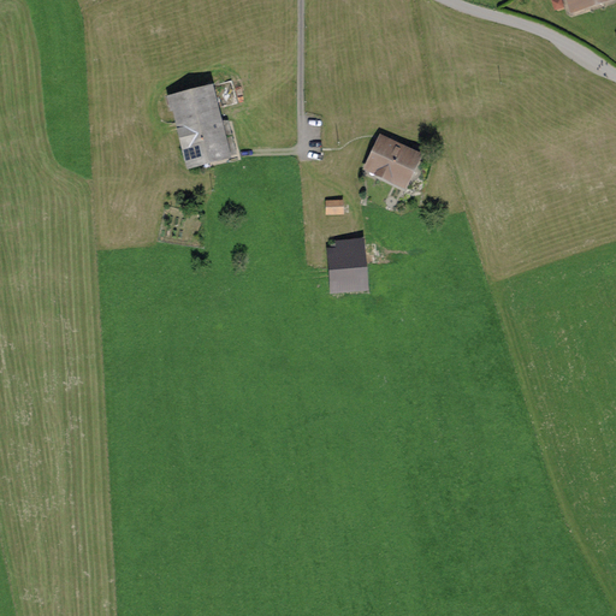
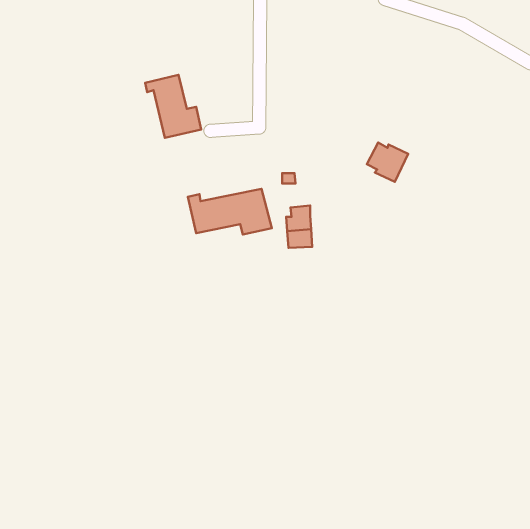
building: [368,140,416,185] -> [367,143,408,182]
building: none -> [188,189,272,234]

